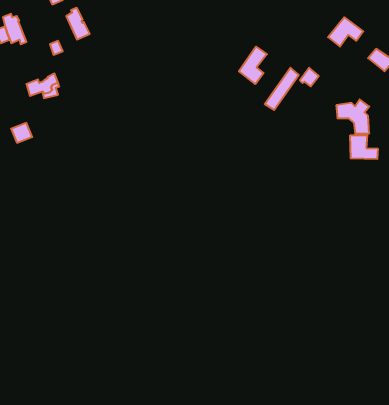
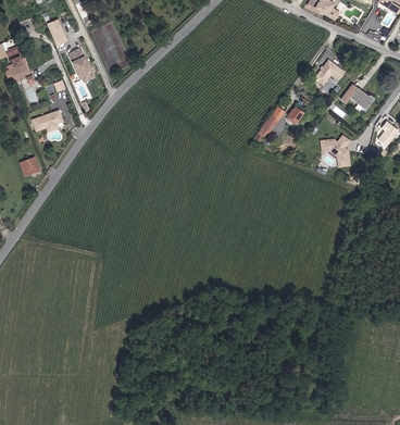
building: [239,47,267,84] -> none
building: [350,135,378,159] -> none

